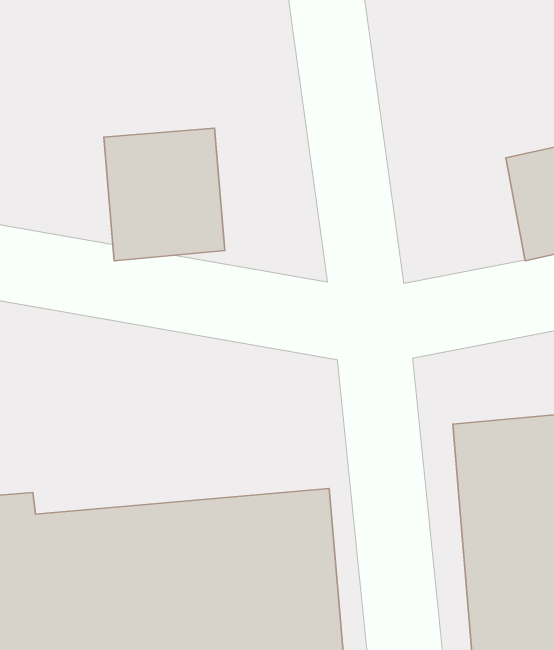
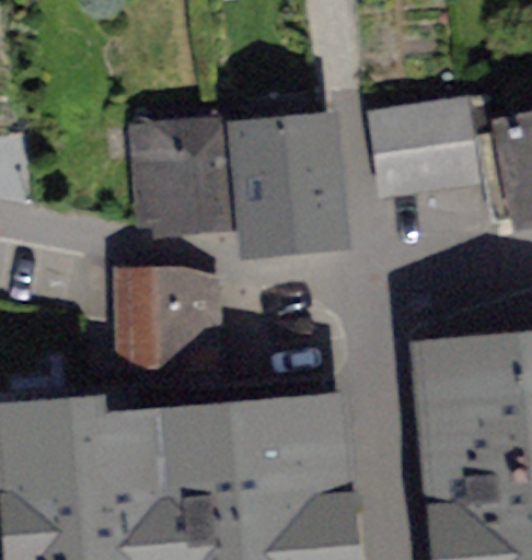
building: none -> [236,100,336,247]
building: none -> [378,108,474,186]
building: none -> [116,280,218,357]

